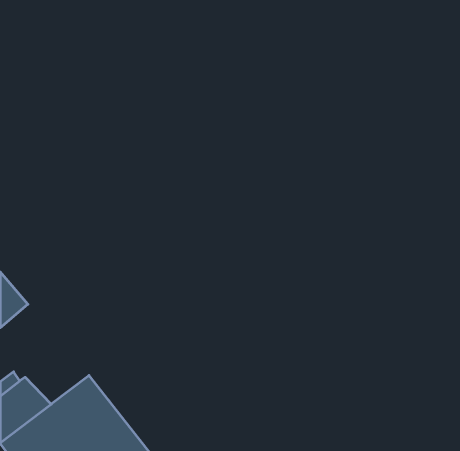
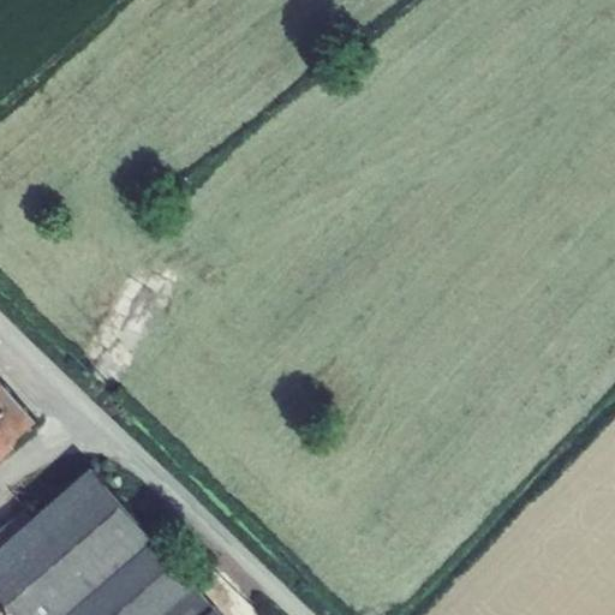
building: none -> [34,473,119,551]

